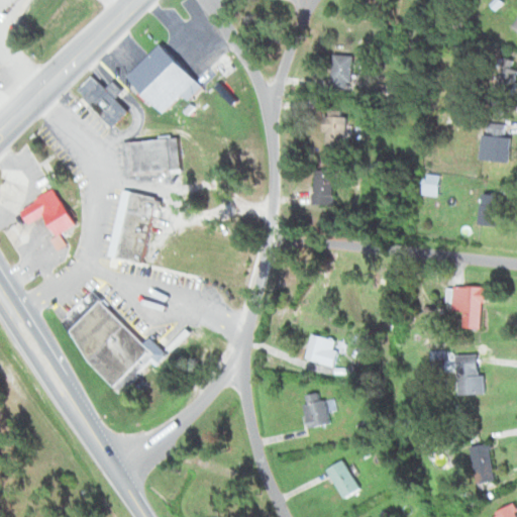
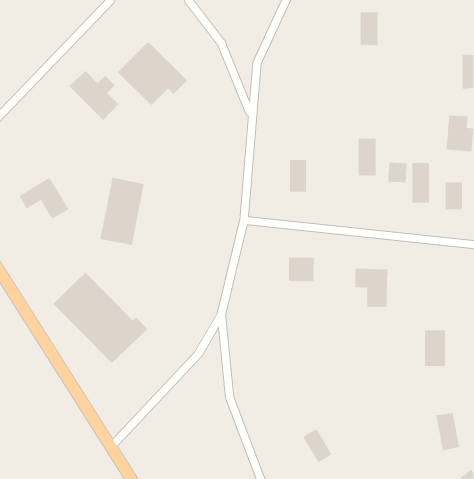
building: [330,56,350,92] -> [360,12,379,45]
building: [324,111,344,151] -> [358,138,377,176]
building: [121,139,179,176] -> none
building: none -> [412,162,430,204]
building: [446,287,483,329] -> [354,268,388,308]
building: [306,337,334,364] -> [288,257,315,282]
building: [300,393,331,429] -> none

